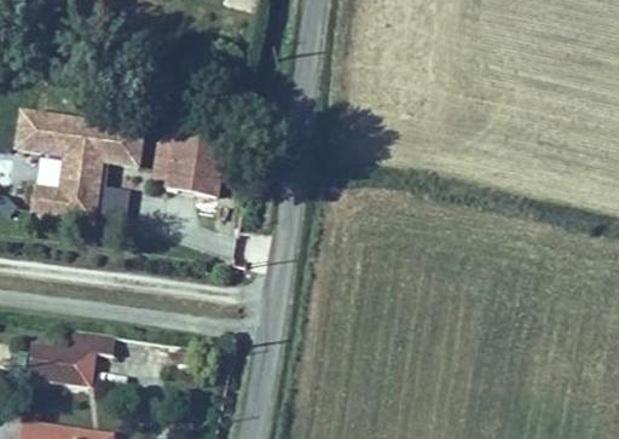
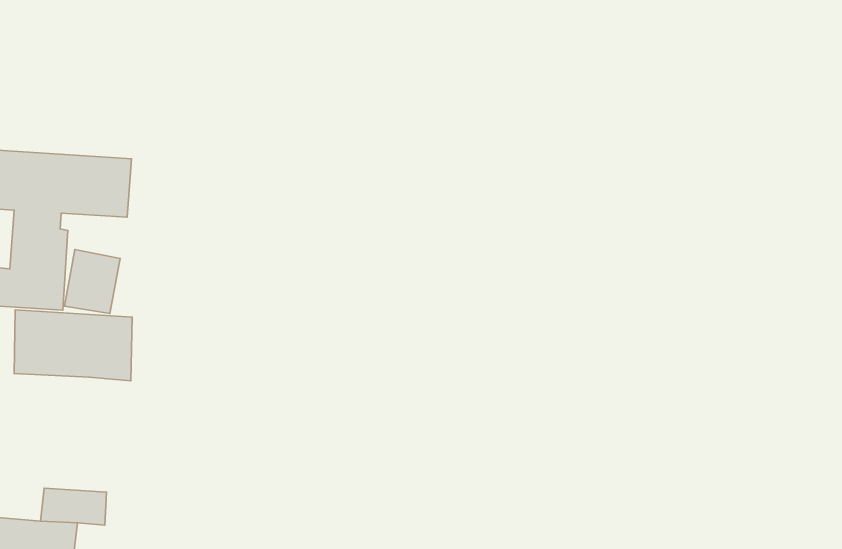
building: [161,125,219,192] -> none
building: none -> [14,310,132,381]

